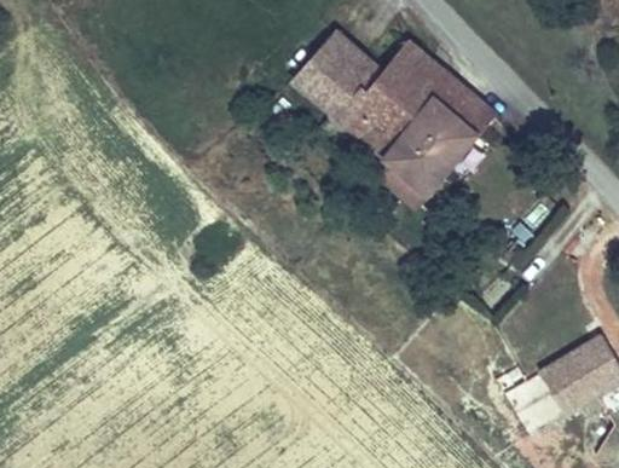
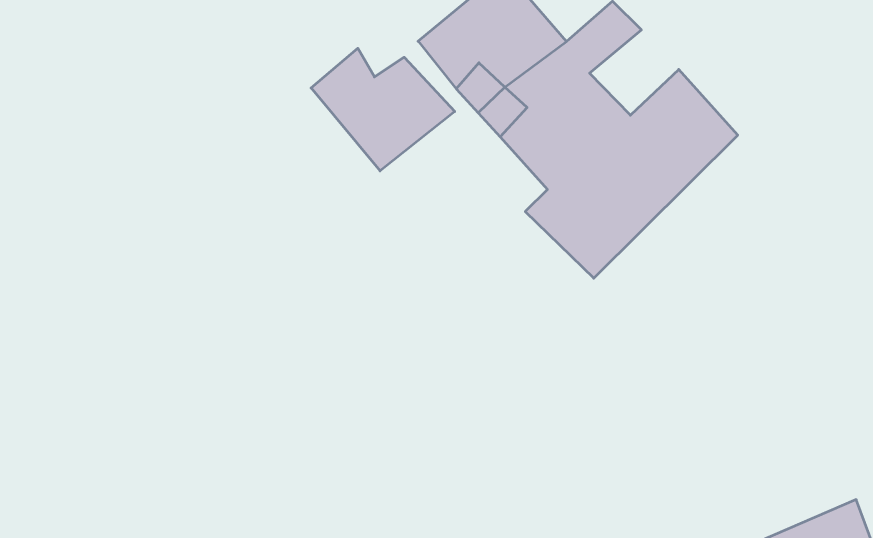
building: [400,54,456,109] -> none
building: none -> [311,48,455,171]

